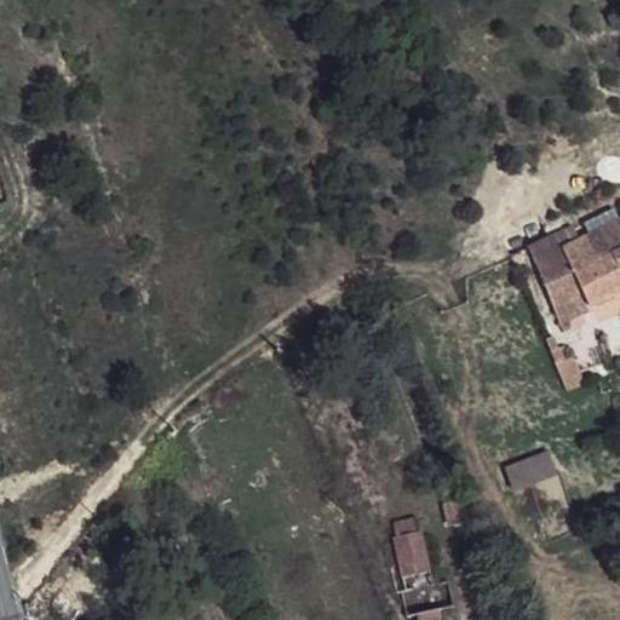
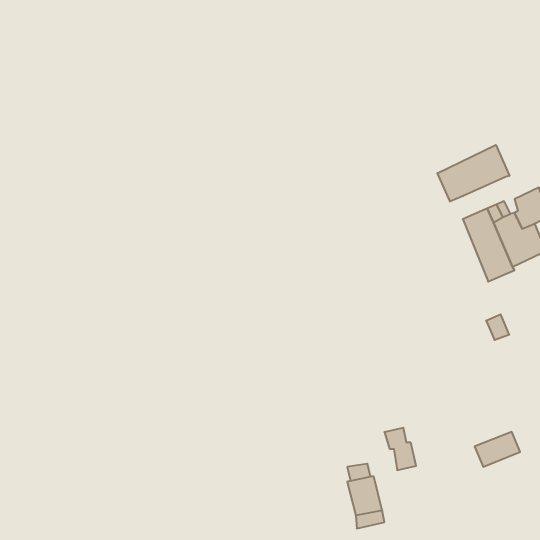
building: none -> [437,145,509,202]
building: [504,450,556,490] -> [475,432,520,467]

